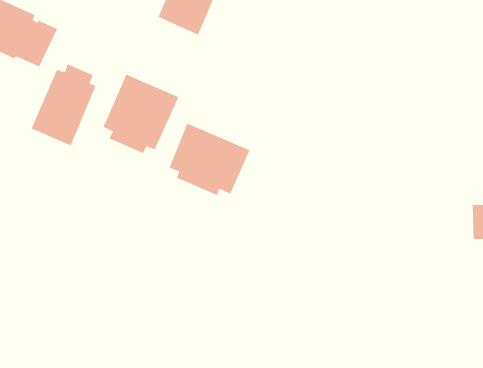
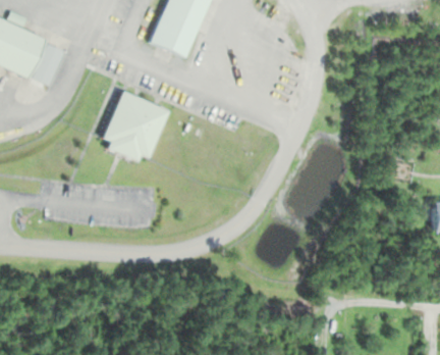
building: [31,63,97,147] -> none
building: [169,122,250,196] -> none

